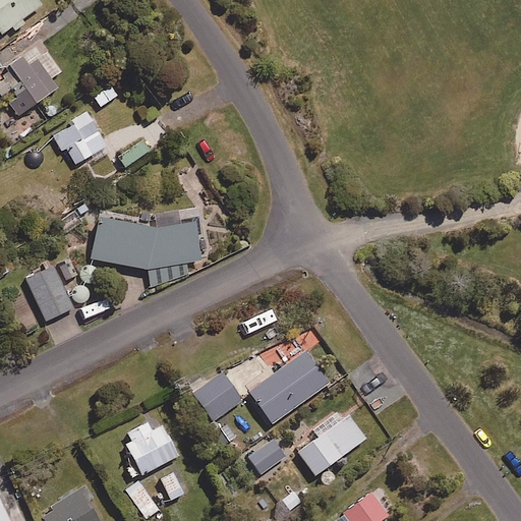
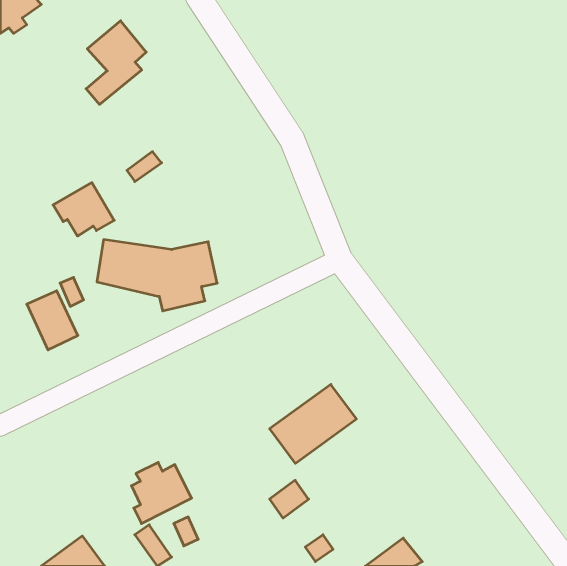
building: [6,40,61,116] -> [86,21,146,104]
building: [54,115,110,164] -> [53,183,114,236]
building: [192,371,241,420] -> none
building: [297,414,365,475] -> none

